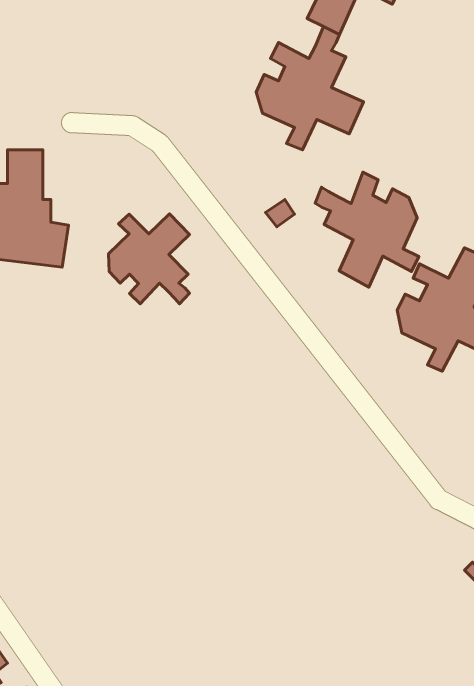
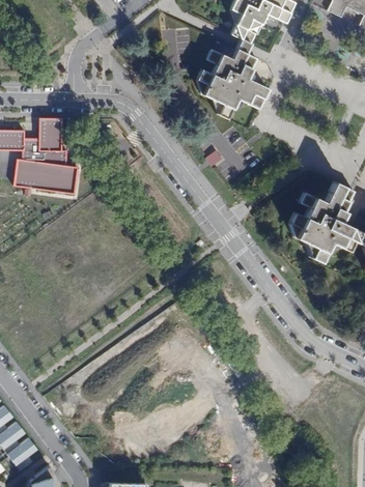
building: [315,172,419,287] -> none
building: [108,214,190,304] -> none

